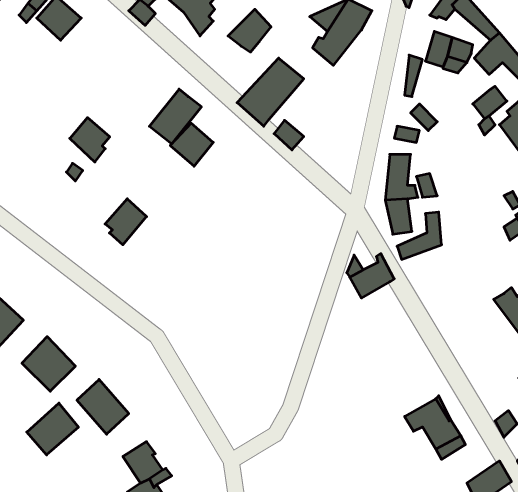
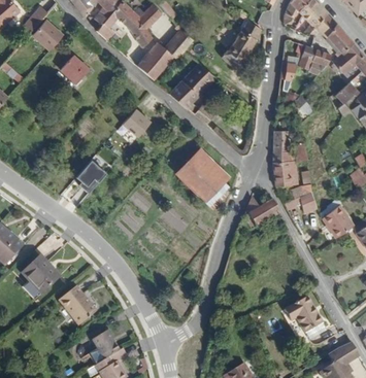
building: [149,89,201,144] -> [137,41,173,79]
building: [70,118,110,162] -> [60,54,88,84]
building: none -> [176,145,233,206]
building: none -> [324,203,356,238]
building: [27,403,78,455] -> none

